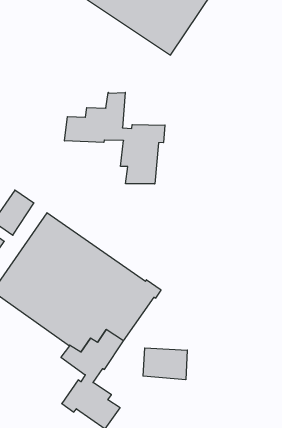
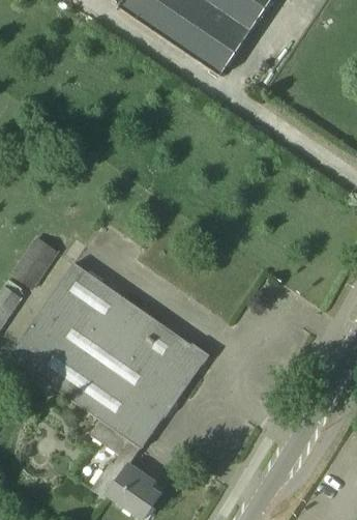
building: [65,92,165,184] -> none
building: [143,348,187,380] -> none

